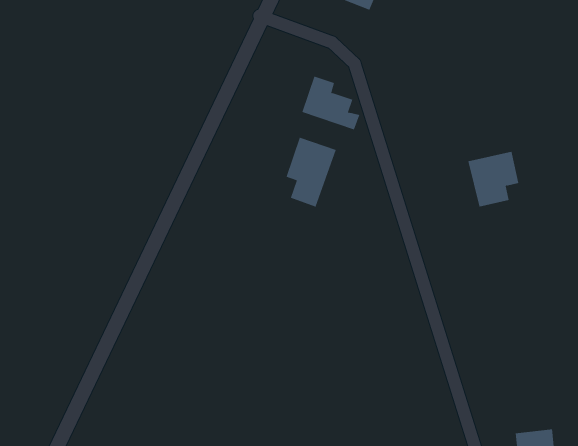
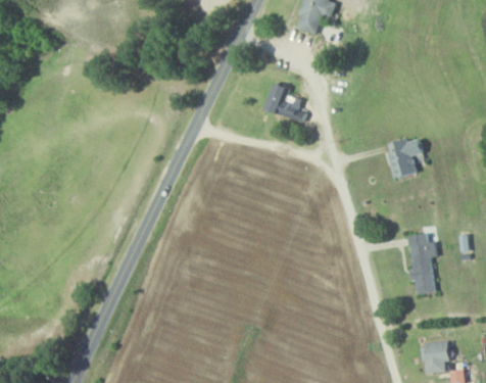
building: [286,137,337,207] -> none
building: none -> [407,233,435,295]

